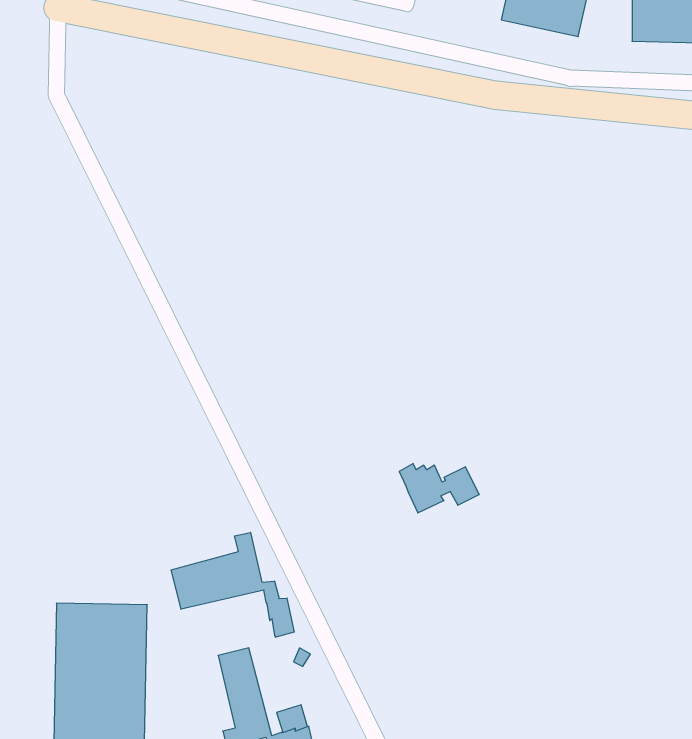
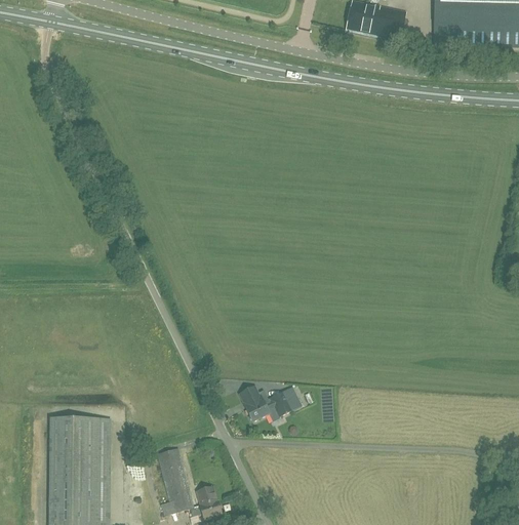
building: [399,464,479,513] -> [239,387,292,419]
building: [171,532,294,637] -> none

